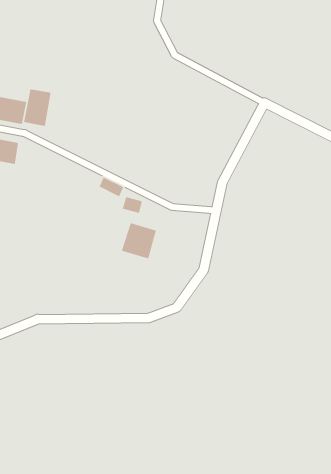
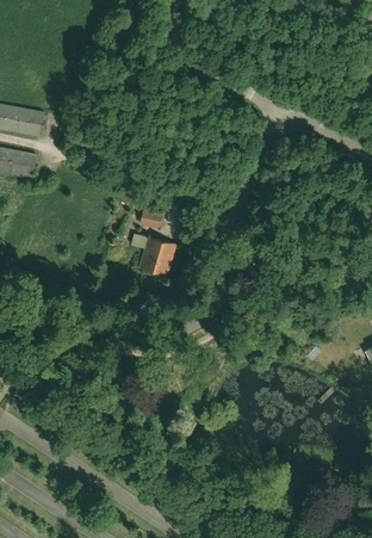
building: [23,88,51,127] -> none

